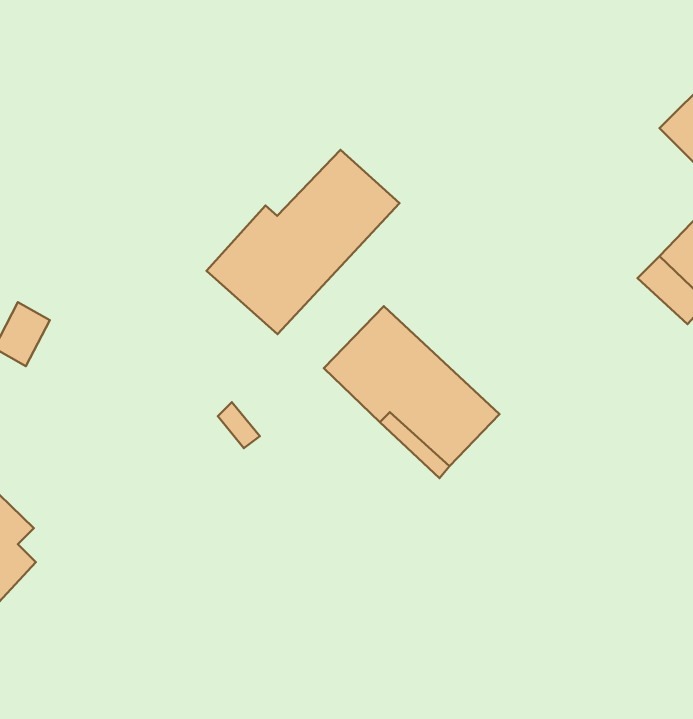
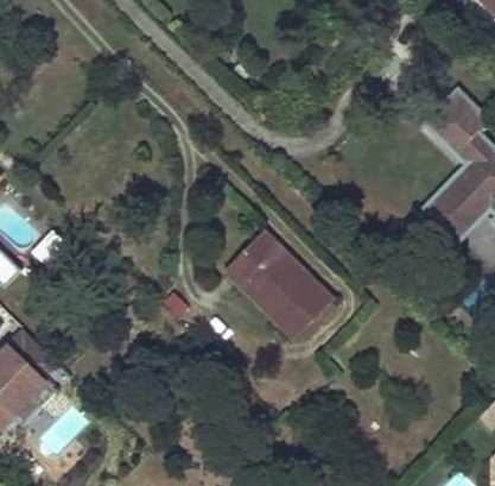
building: [207,150,400,334] -> none

